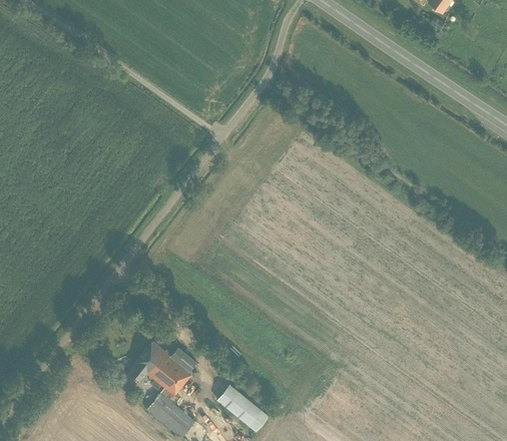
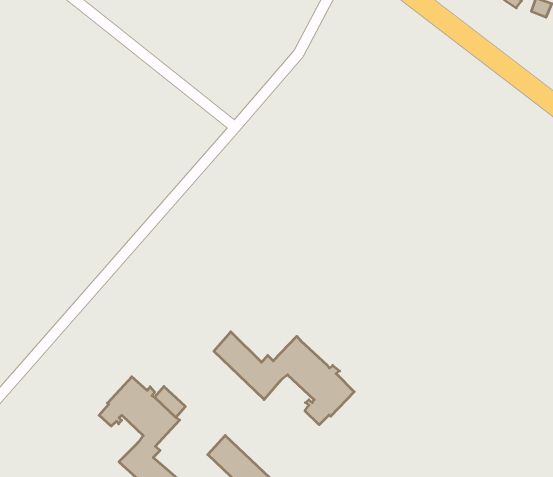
building: none -> [214,332,354,425]

